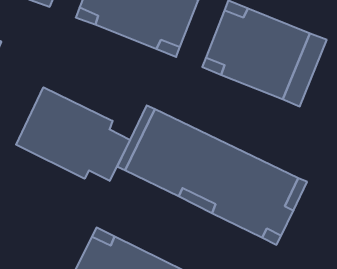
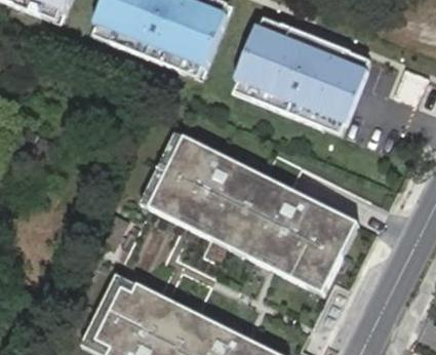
building: [16,87,130,181] -> none

